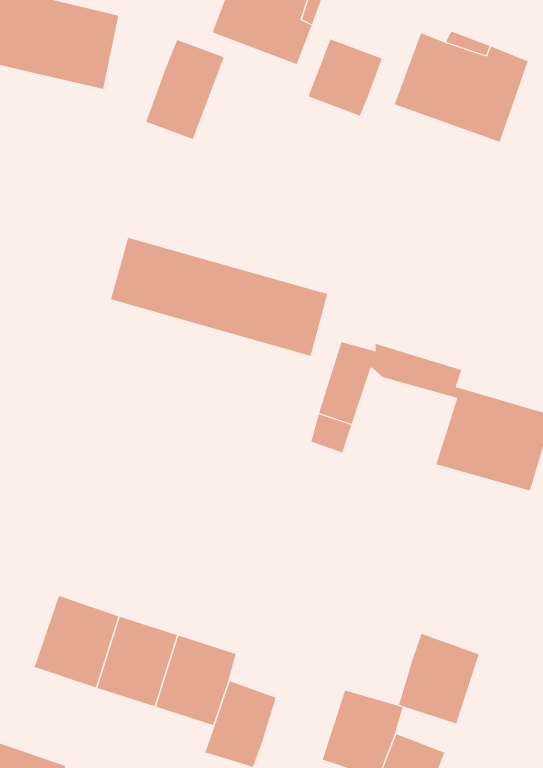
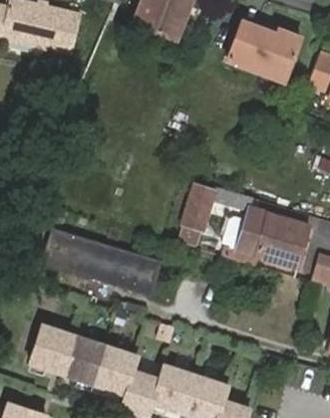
building: [308,39,382,116] -> none
building: [145,39,225,140] -> none
building: [110,237,328,356] -> [50,232,166,295]
building: [398,633,480,724] -> [155,360,199,408]

